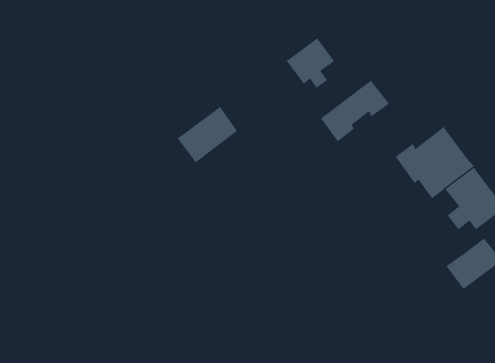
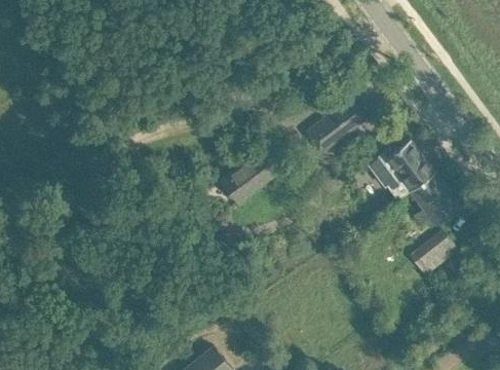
building: [286,38,335,89] -> none
building: [177,106,238,163] -> [224,154,274,201]

